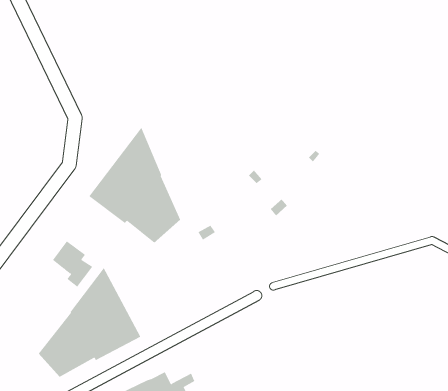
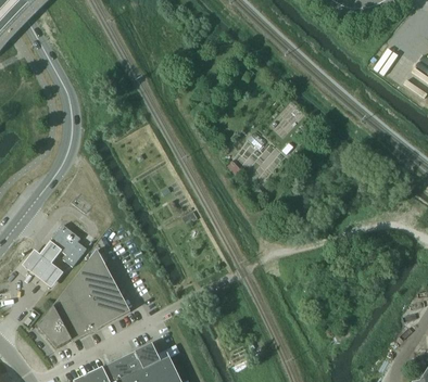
building: [88,127,181,243] -> none
building: none -> [22,242,63,288]

